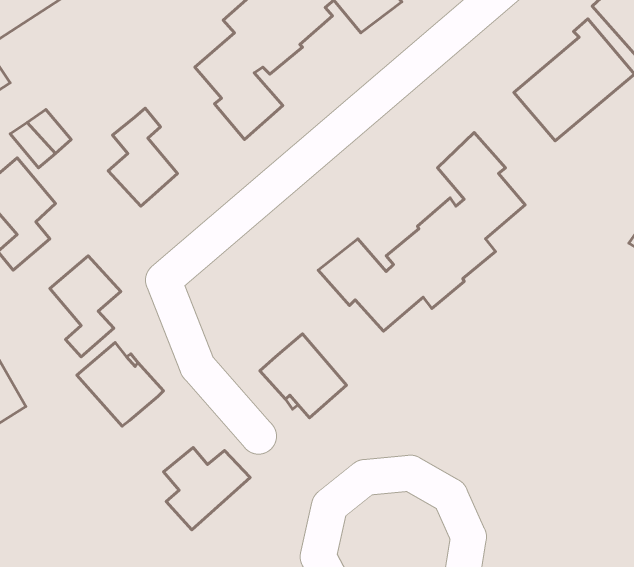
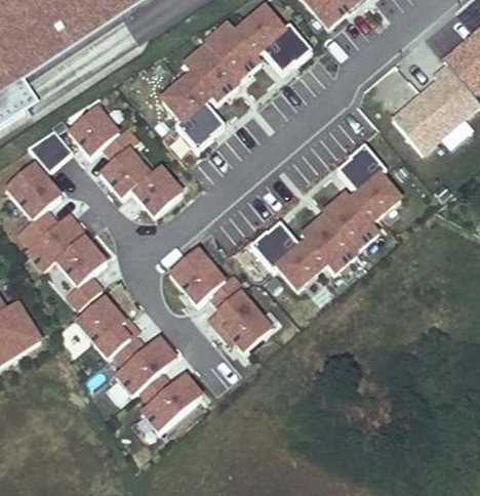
building: none -> [69,106,119,156]
building: none -> [131,165,183,215]
building: none -> [27,211,86,267]
building: none -> [170,247,244,305]
building: none -> [115,334,176,395]

